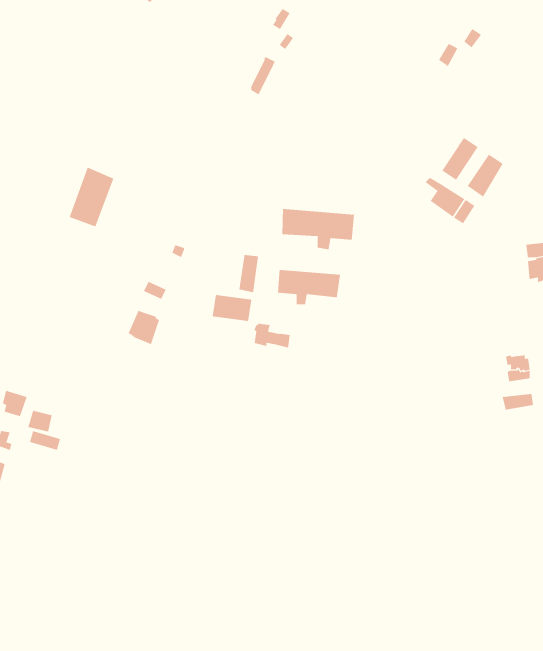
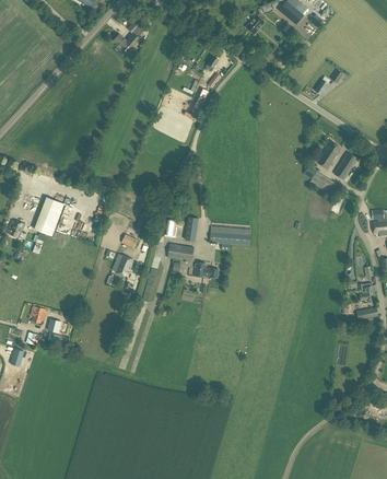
building: [69,167,114,227] -> [34,196,63,235]
building: [282,208,355,250] -> none

